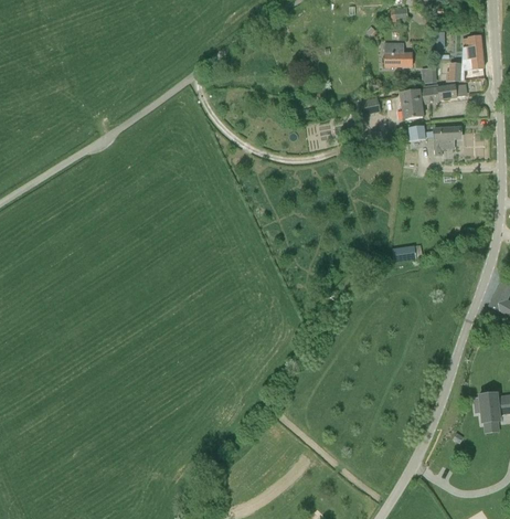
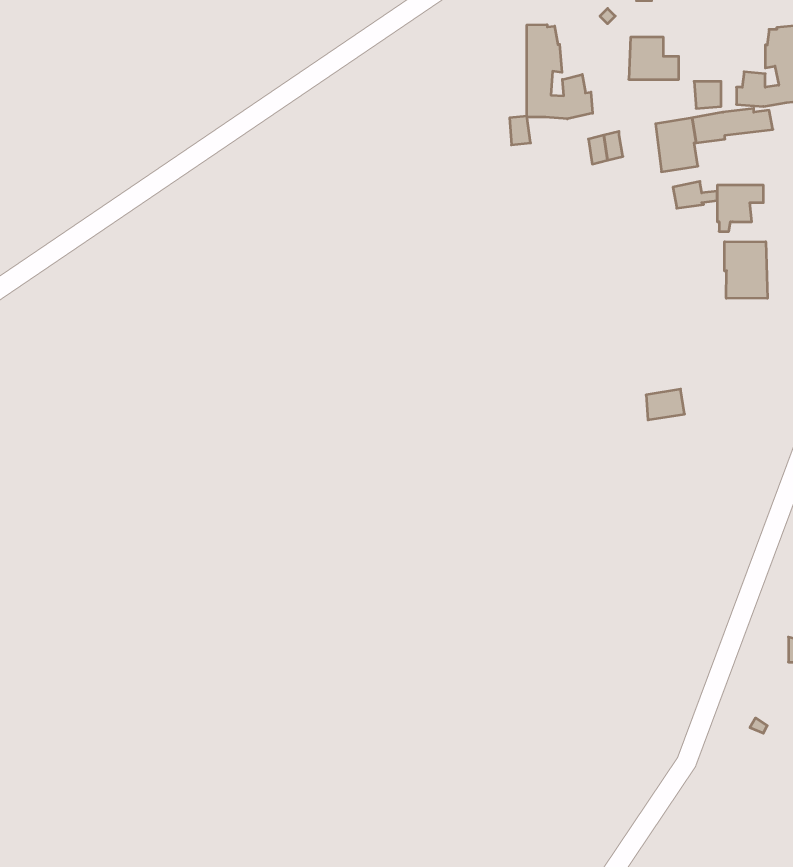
building: none -> [527,25,593,119]
building: none -> [725,242,767,298]

